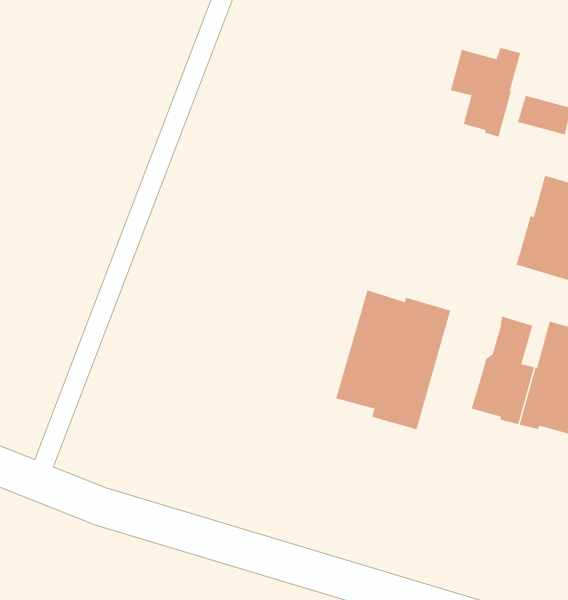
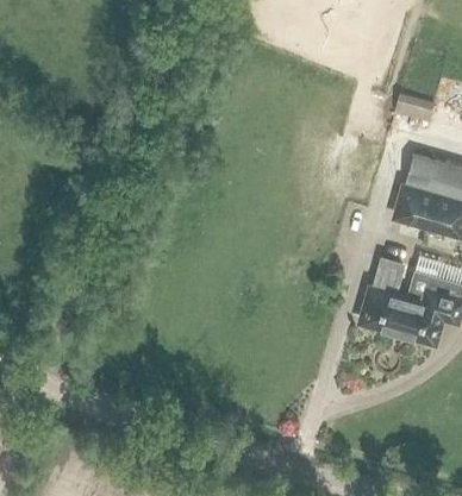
building: [450,47,521,138] -> none
building: [335,289,451,430] -> none

